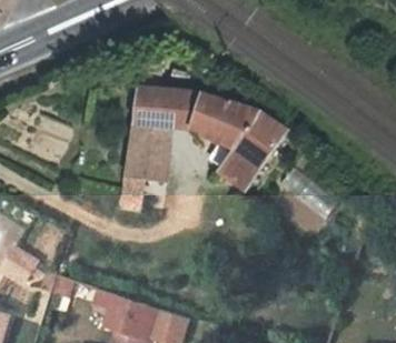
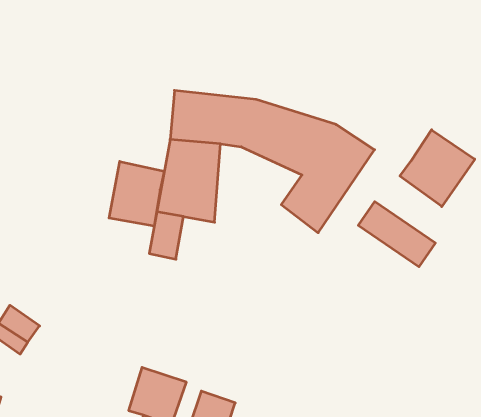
building: none -> [400,130,475,207]
building: none -> [109,161,164,226]

